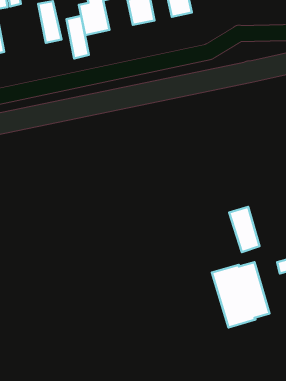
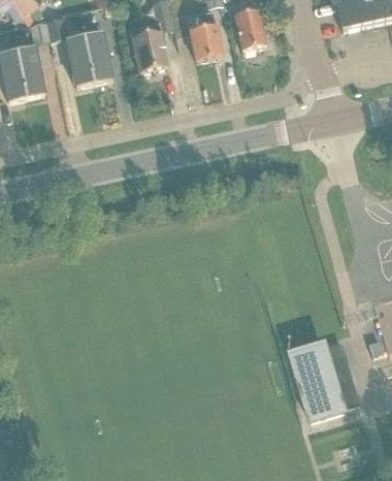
building: [66,16,89,58] -> [66,32,93,83]
building: [229,207,259,252] -> none

